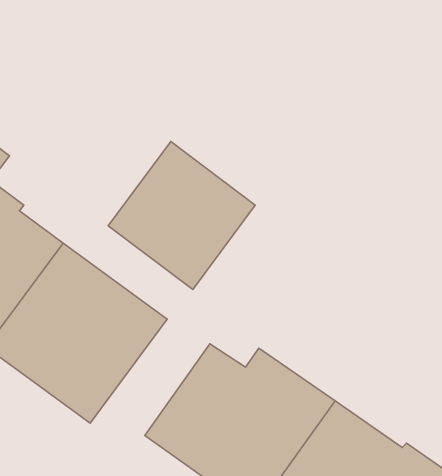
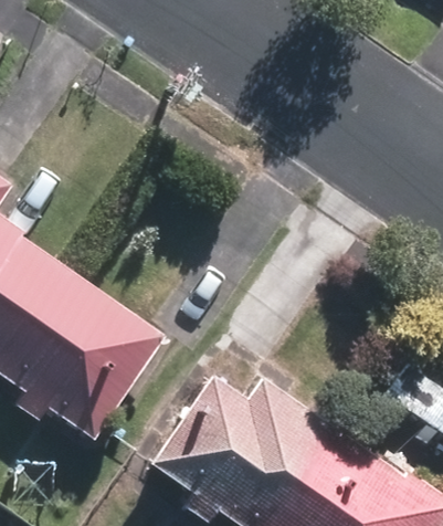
building: [108,142,255,289] -> none

